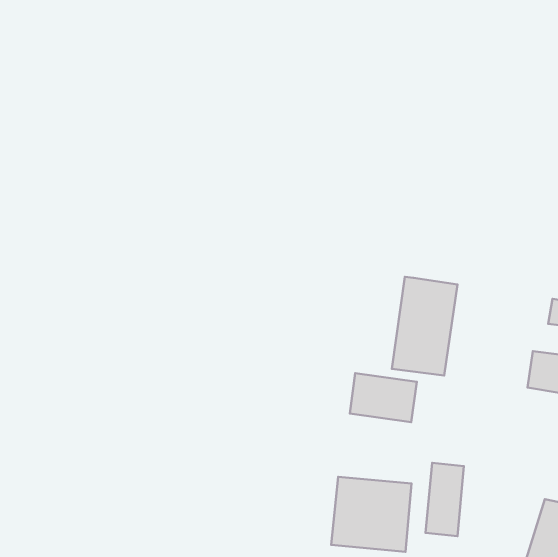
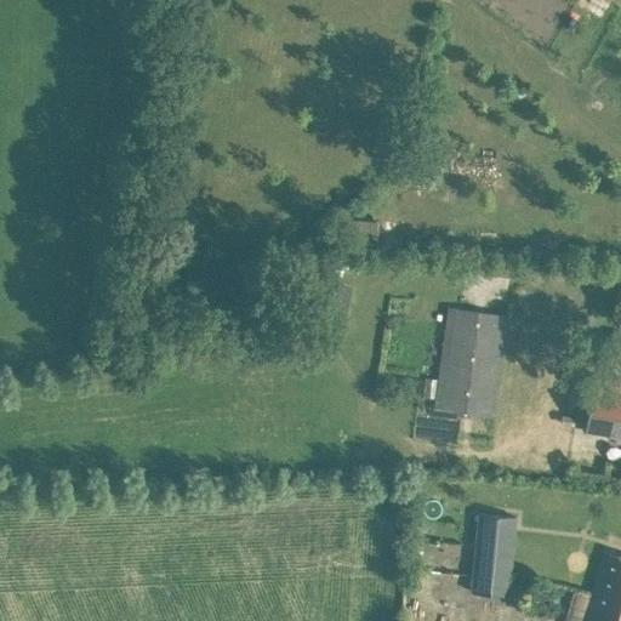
building: [350,373,417,422] -> none
building: [331,477,412,552] -> none

